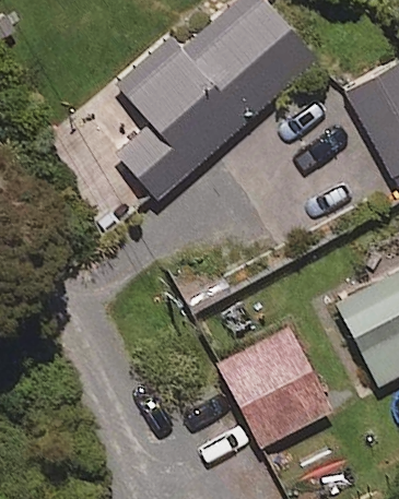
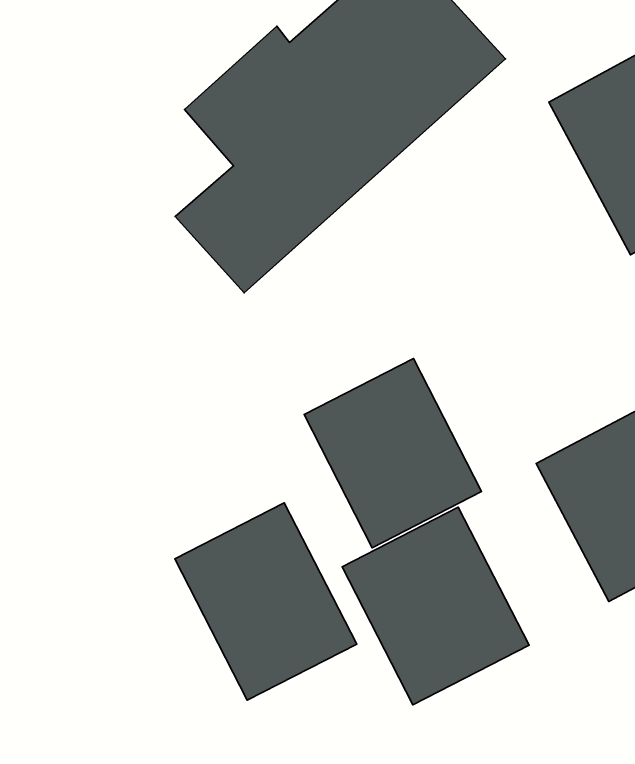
building: none -> [304,358,482,548]
building: none -> [175,503,357,700]

